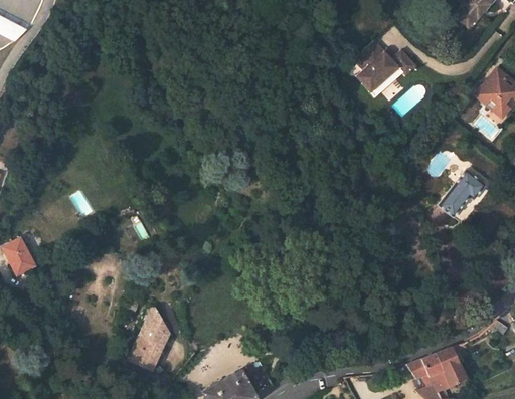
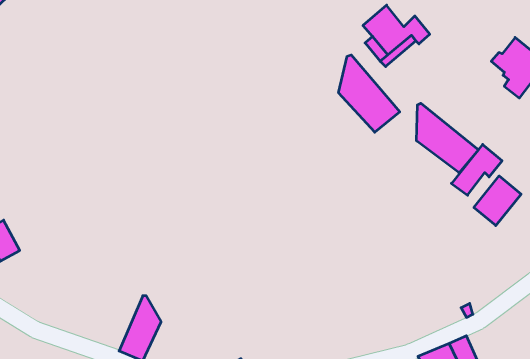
building: none -> [339,55,400,132]
building: none -> [417,103,478,173]
building: none -> [474,176,521,226]

